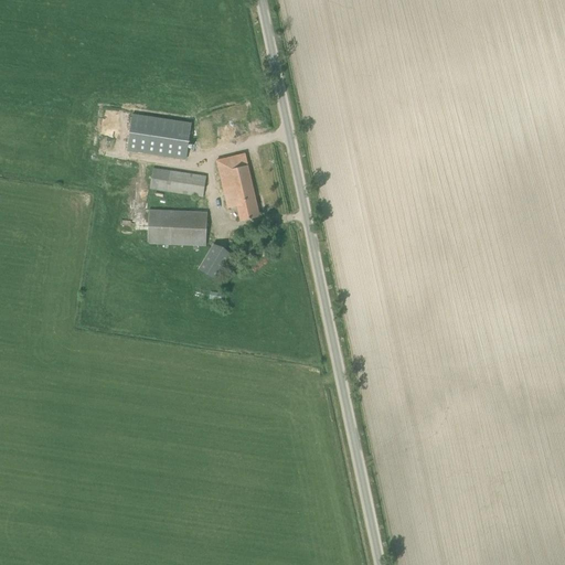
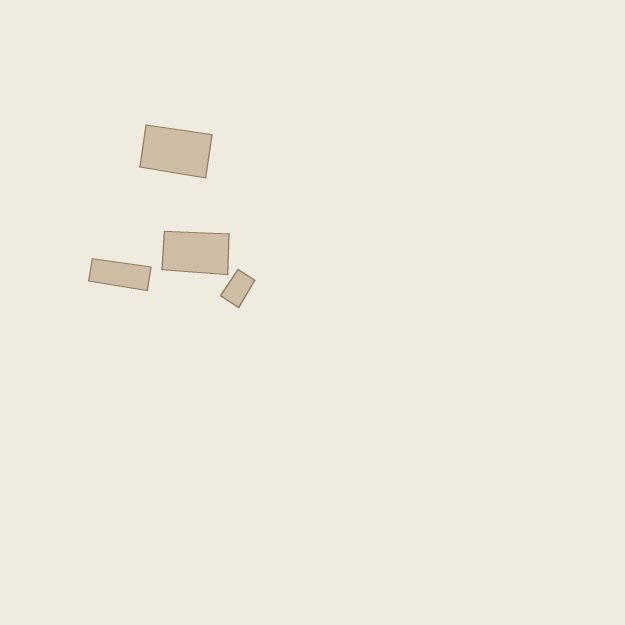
building: [216,153,258,220] -> none
building: [149,168,205,196] -> [89,259,151,291]

